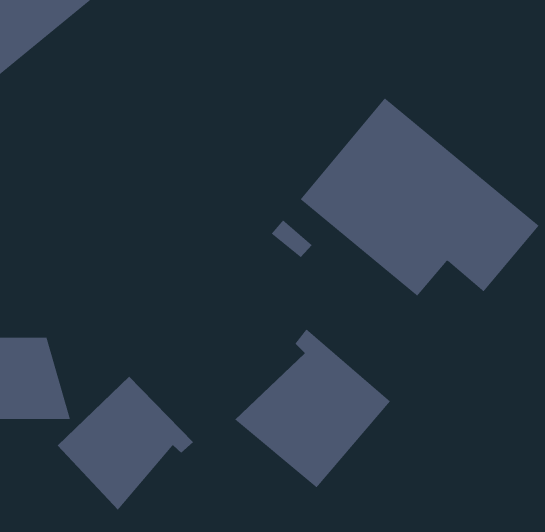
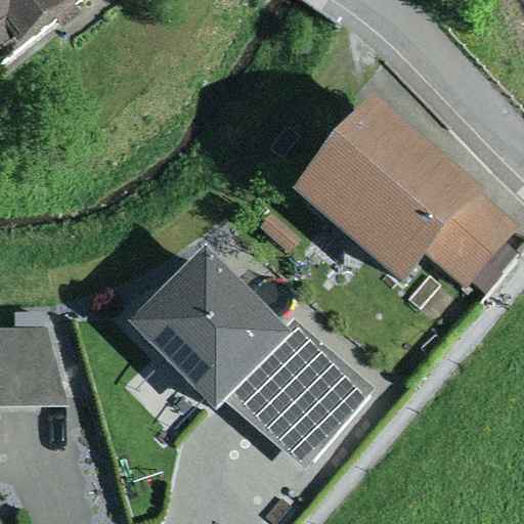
building: none -> [131,250,291,409]
building: [57,376,194,510] -> none

